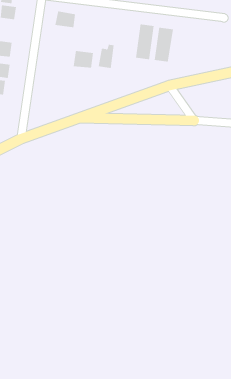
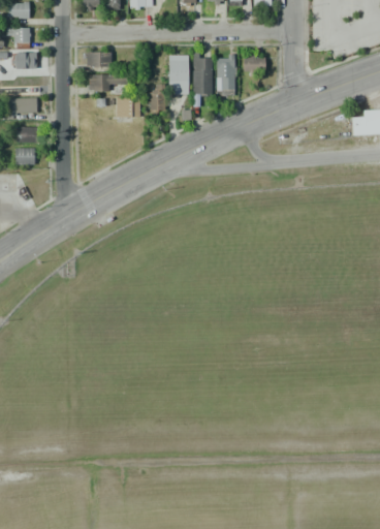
building: none -> [168,55,189,95]
building: none -> [88,73,126,91]
building: none -> [242,53,265,71]

